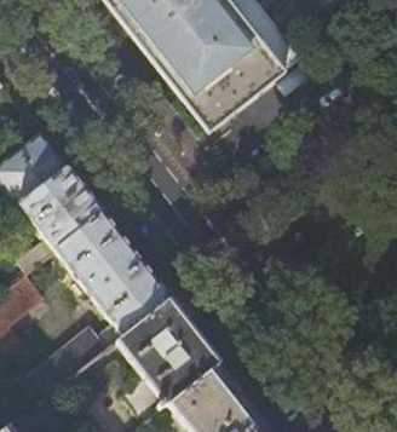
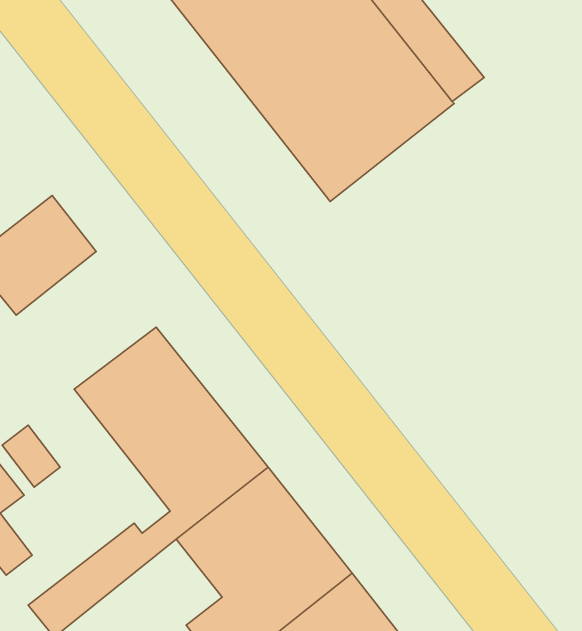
building: [19,167,104,257] -> none

